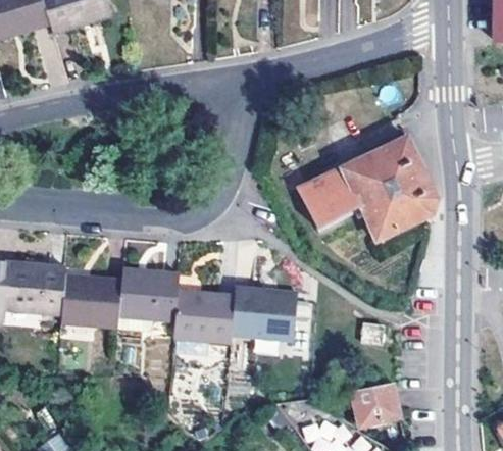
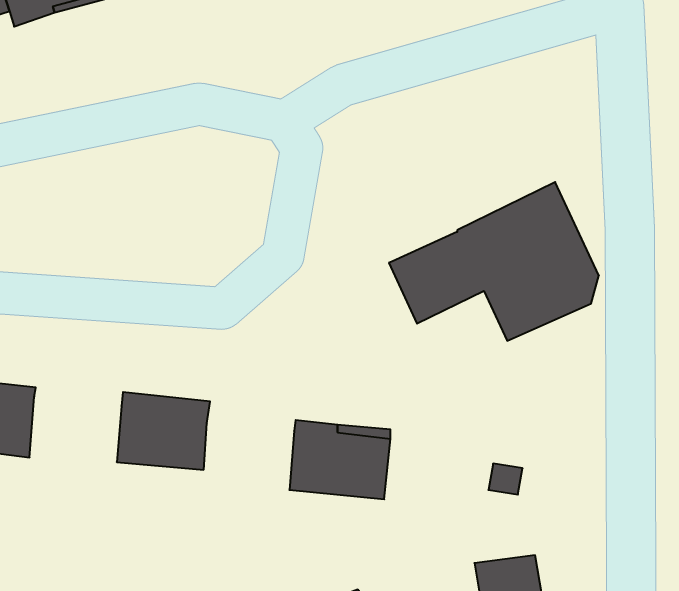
building: [61,277,122,331] -> none
building: [174,294,236,347] -> none

